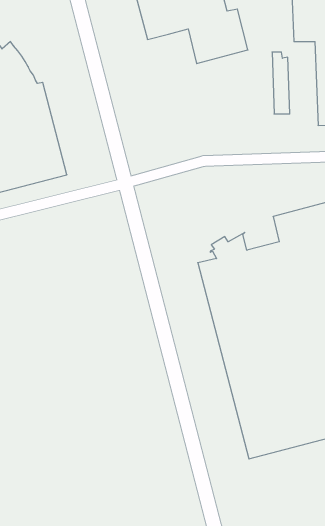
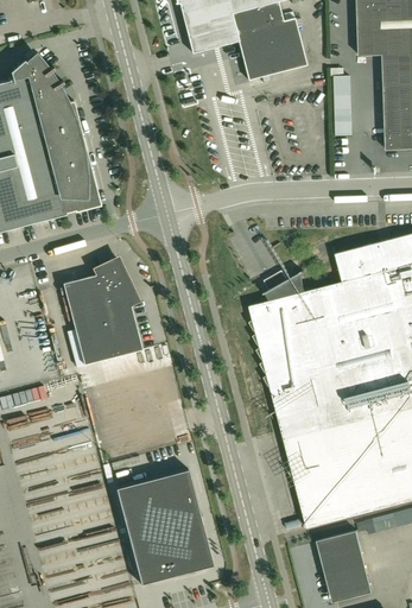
building: none -> [63,262,142,365]
building: none -> [116,469,210,584]
building: none -> [317,530,369,597]

